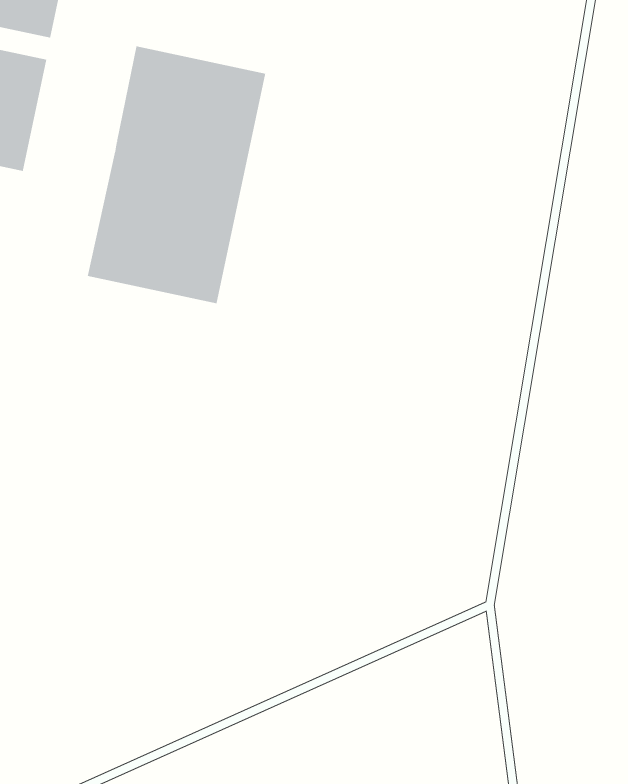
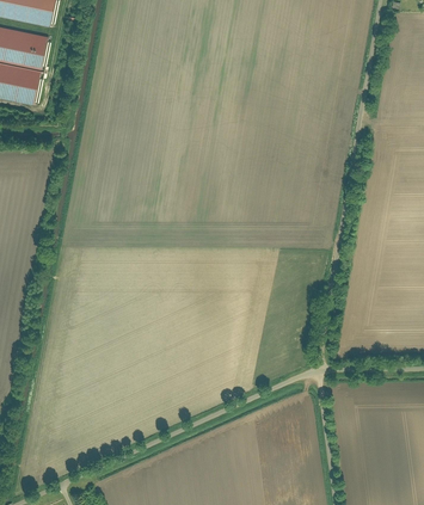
building: [87,45,266,304] -> none

